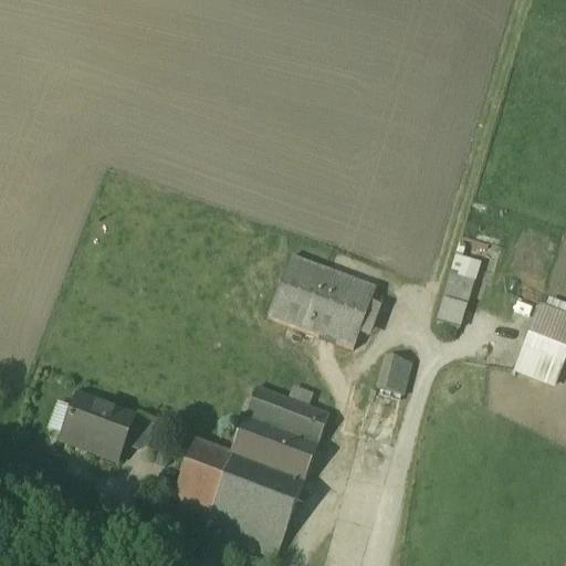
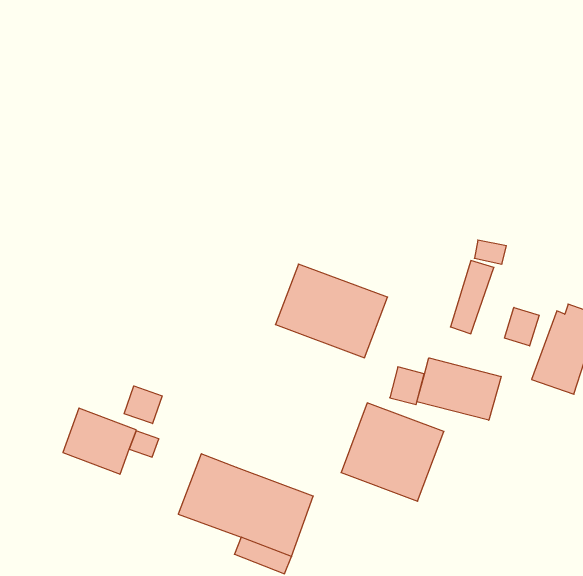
building: none -> [504,307,539,346]
building: none -> [417,358,501,420]
building: none -> [124,386,162,424]
building: [230,385,329,480] -> [341,403,444,501]

